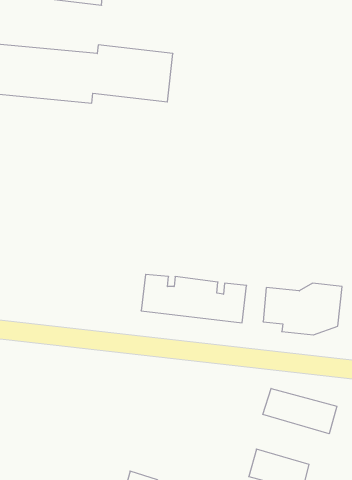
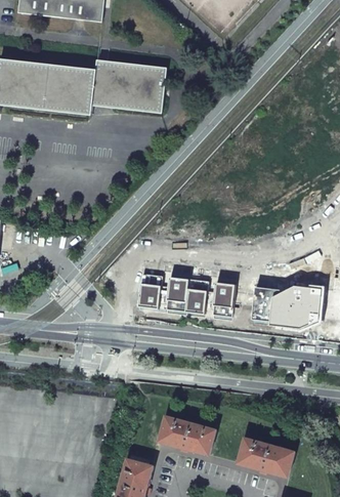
building: [263,388,337,434] -> none
building: none -> [159,415,215,454]

